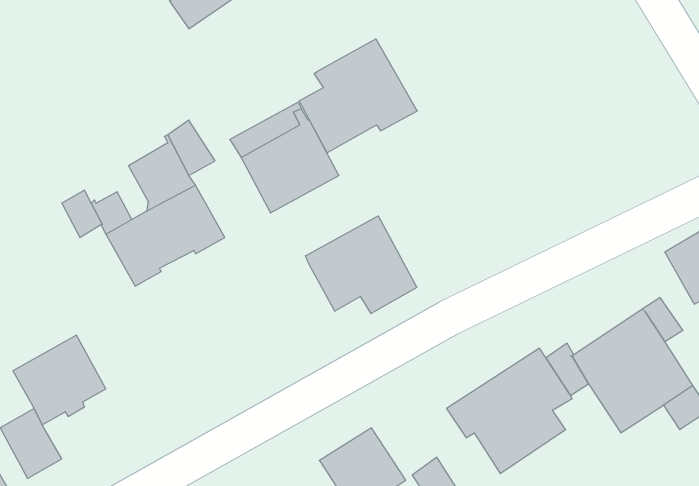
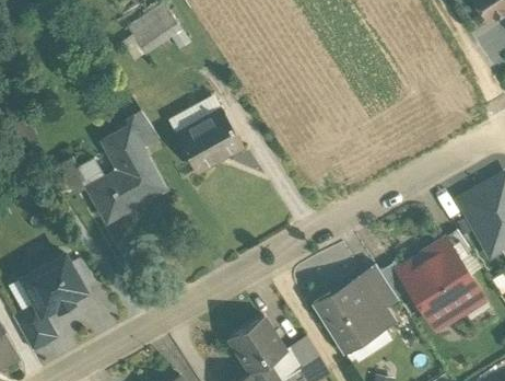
building: [299,39,417,153] -> none
building: [305,216,417,314] -> none

